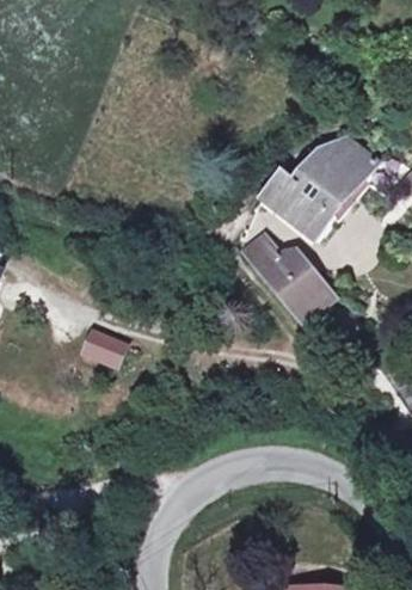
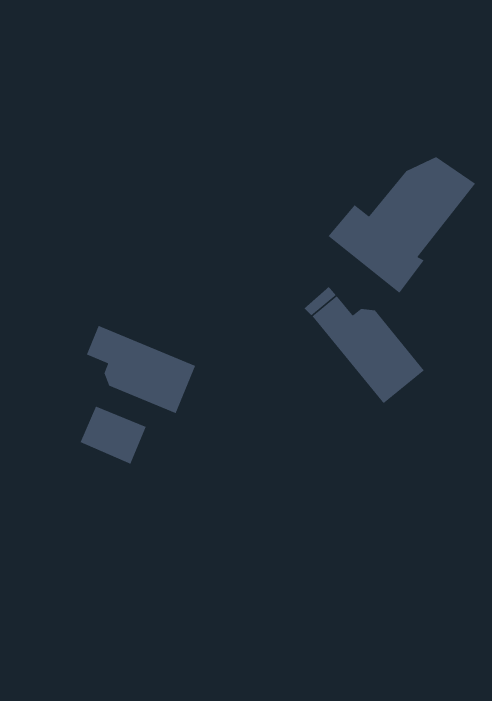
building: none -> [86,325,196,414]

